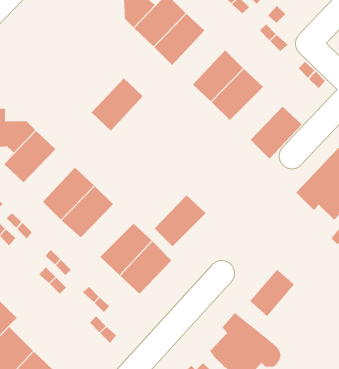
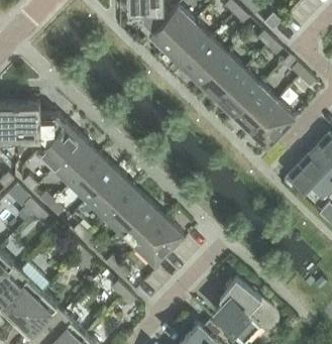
building: [91,77,144,131] -> [183,37,228,84]
building: none -> [232,86,278,131]
building: none -> [54,139,99,185]
building: [154,194,206,247] -> [104,187,149,232]
building: [250,269,295,317] -> none

